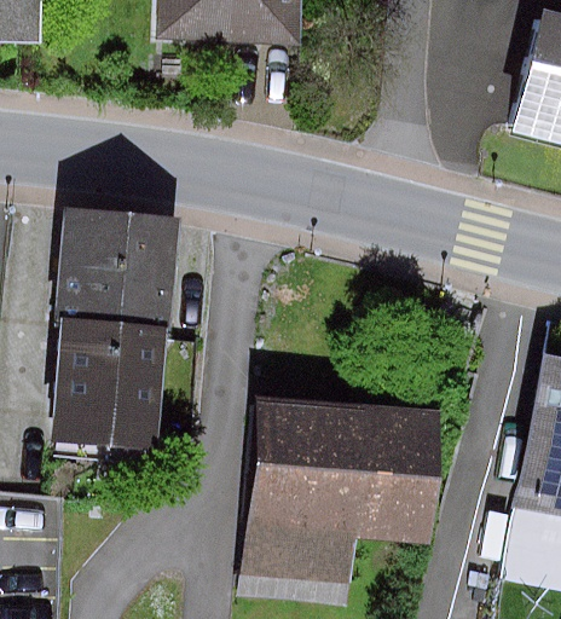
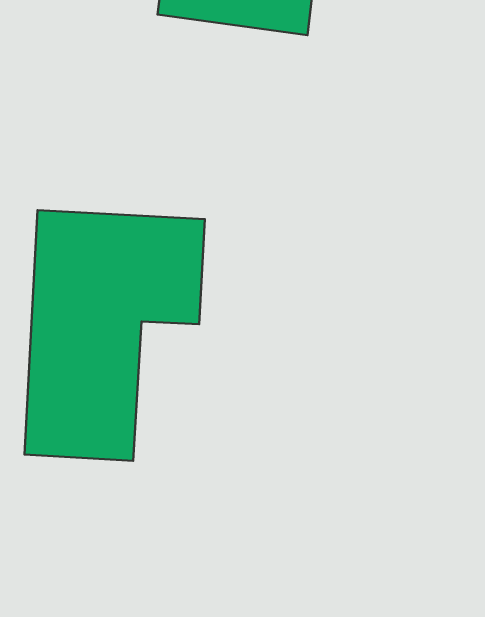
building: [266,413,420,582] -> none

